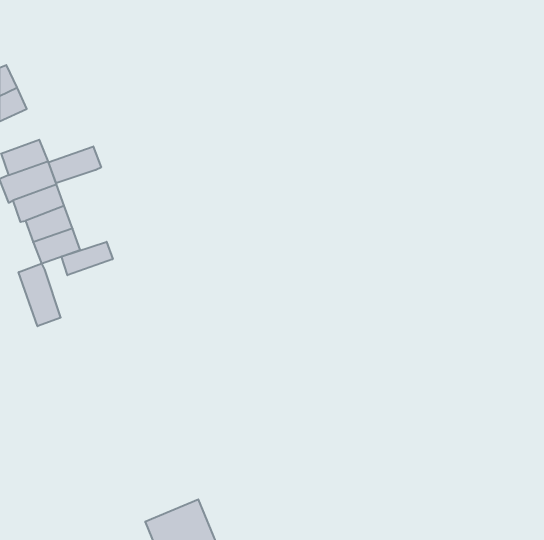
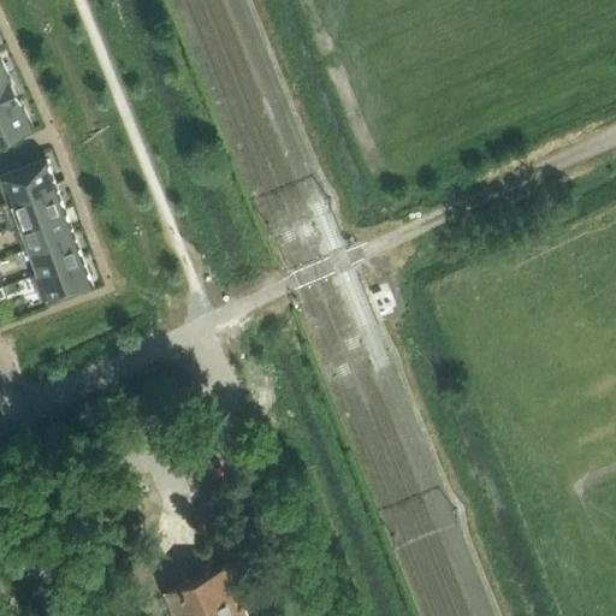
building: [48,146,101,183] -> none
building: [62,242,113,275] -> none
building: [19,264,61,326] -> none

